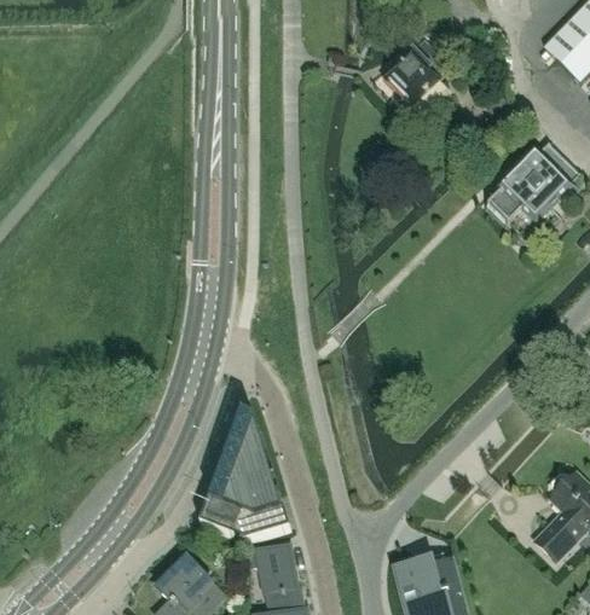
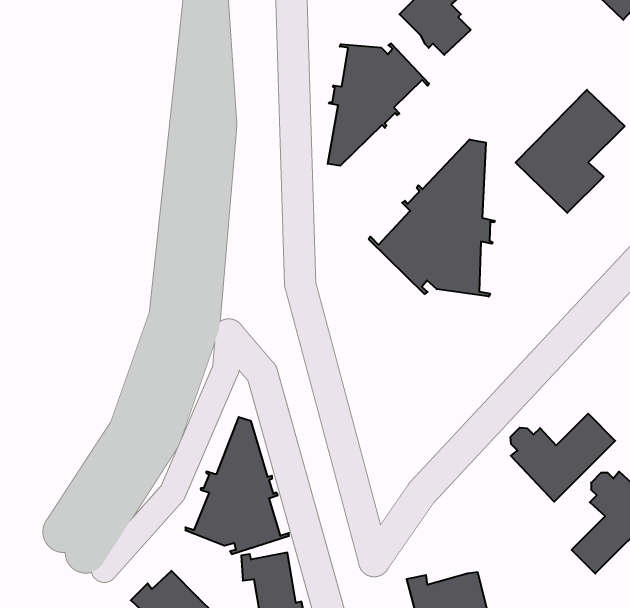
building: none -> [328,43,429,166]
building: none -> [369,139,495,297]
building: none -> [510,414,615,502]

